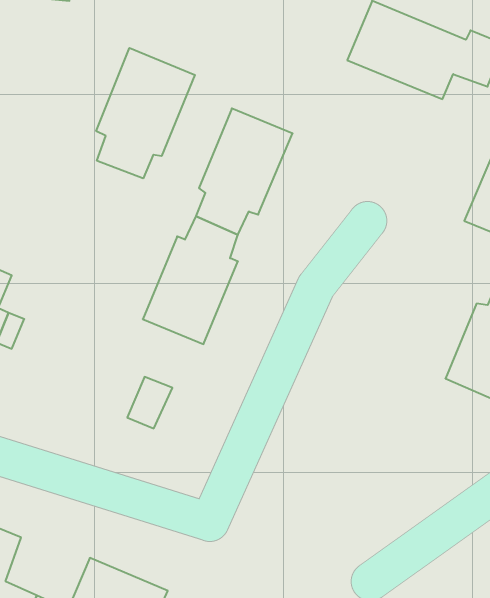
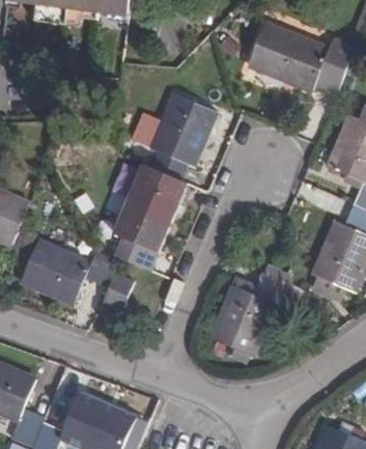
building: [96,48,195,178] -> none
building: none -> [23,241,118,302]
building: none -> [208,273,294,349]

